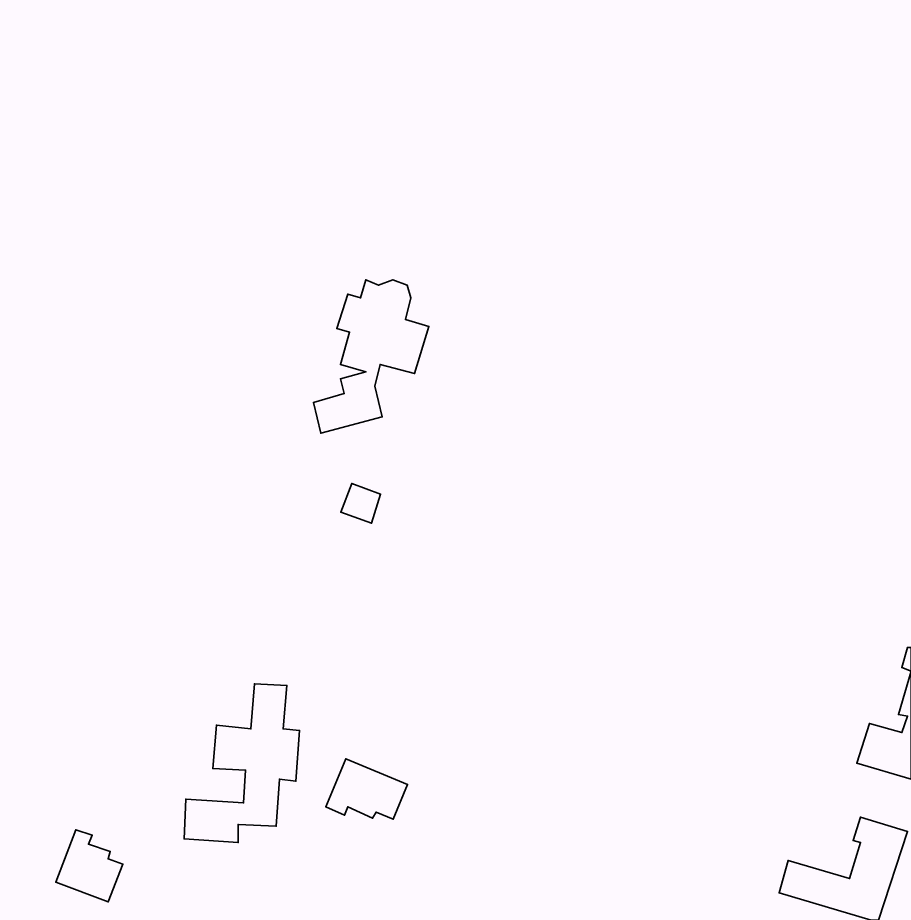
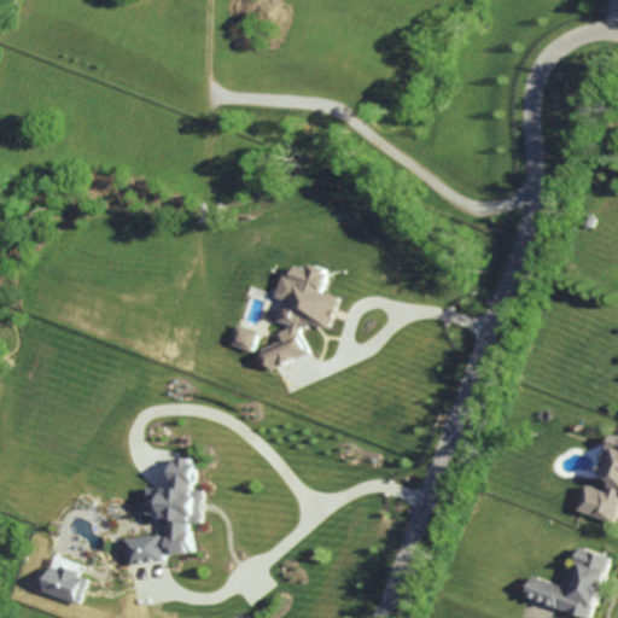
building: [313,280,429,433] -> [258,264,336,367]
building: [326,759,408,819] -> none

